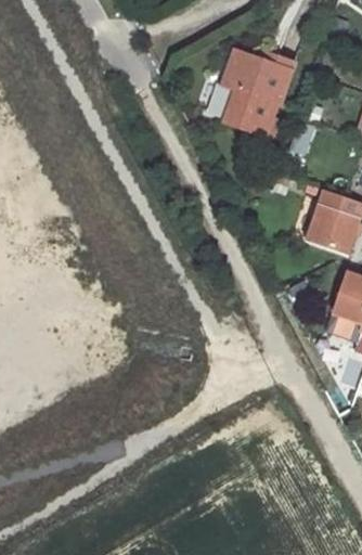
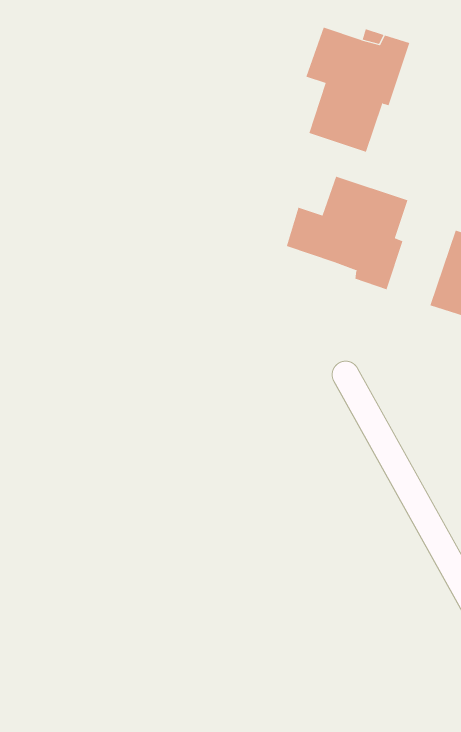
building: none -> [286,176,408,290]

